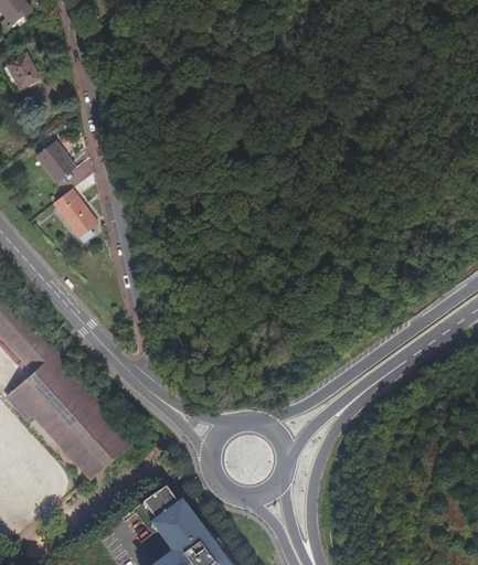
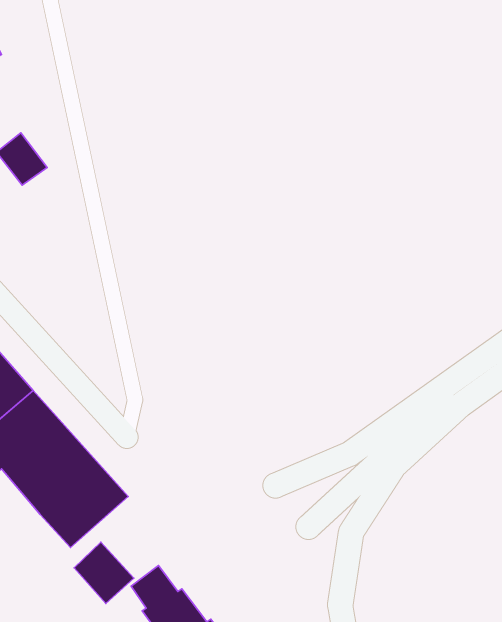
building: [51,191,96,239] -> none
building: none -> [74,542,134,604]

